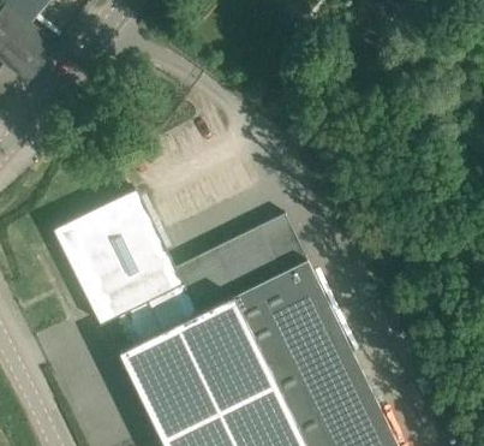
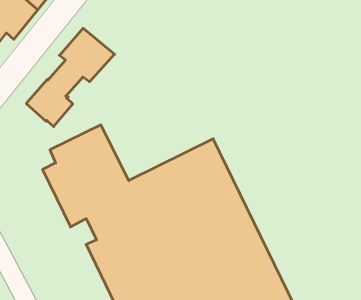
building: none -> [26,28,115,127]

